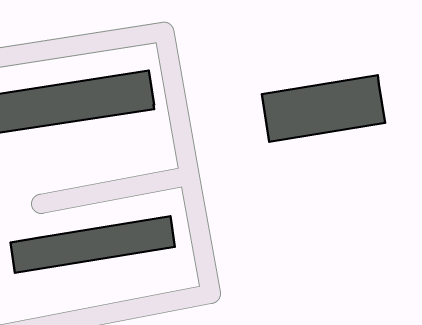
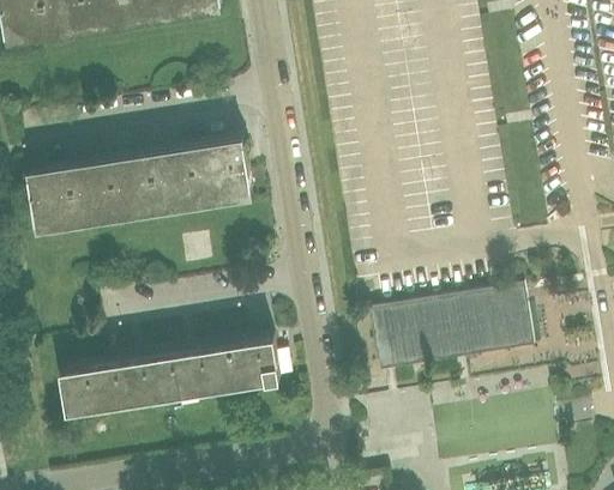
building: [262,75,385,142] -> [367,288,531,376]

